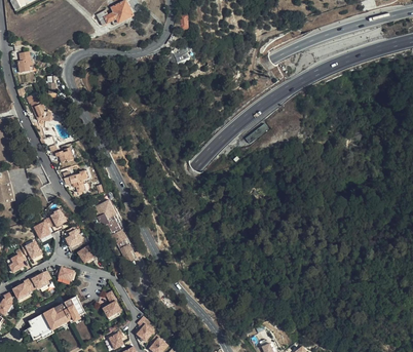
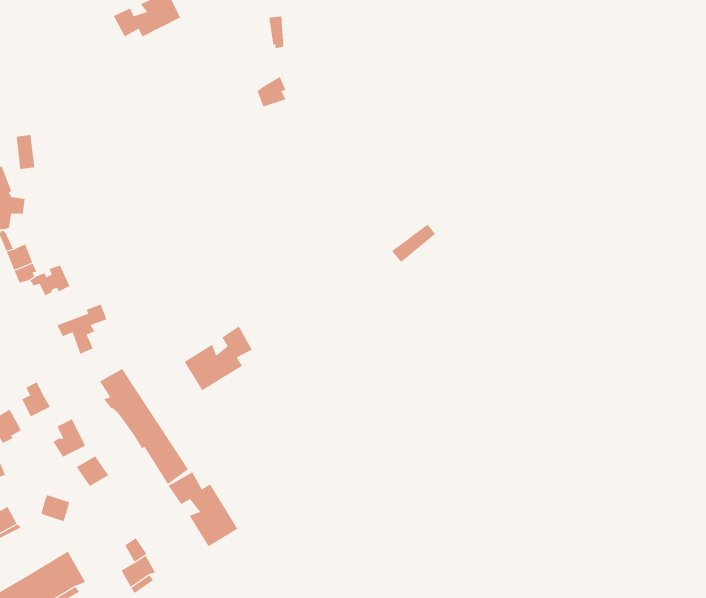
building: none -> [184,325,253,391]
building: none -> [168,472,238,547]

